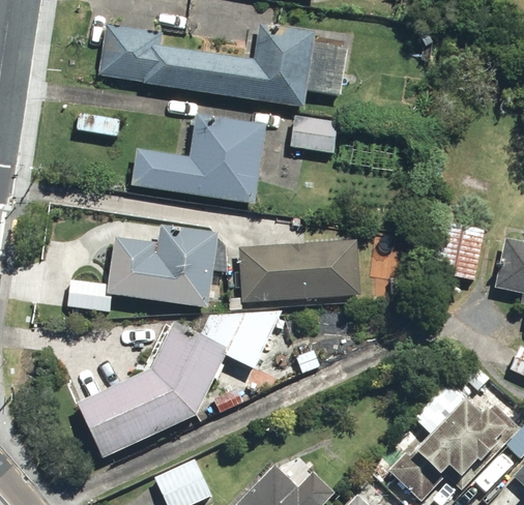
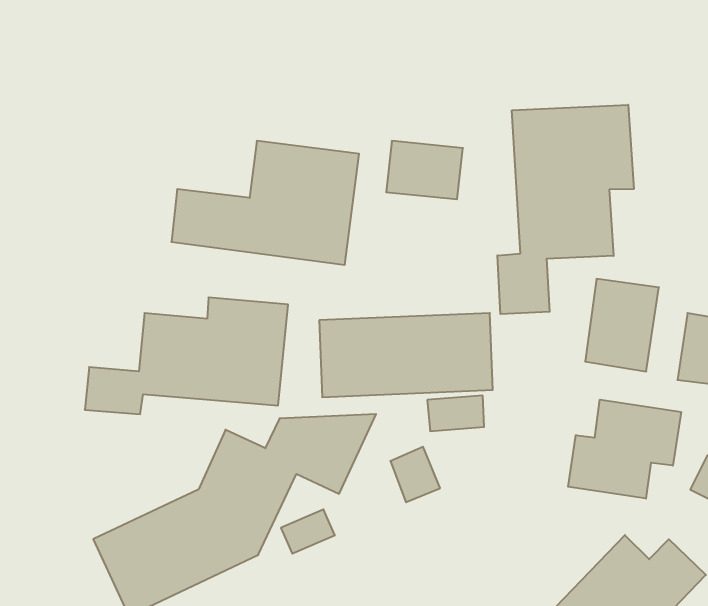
building: [97,18,349,109] -> none
building: none -> [497,105,634,314]
building: none -> [568,400,681,499]

